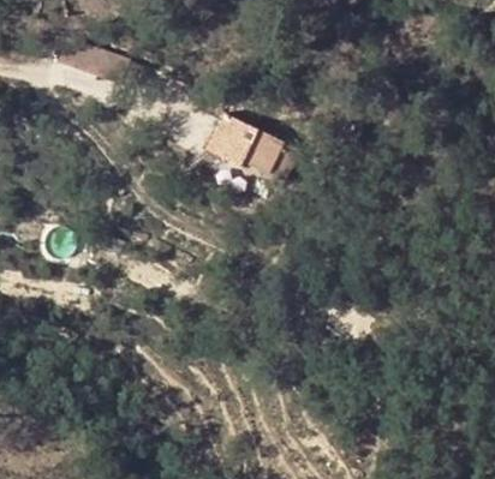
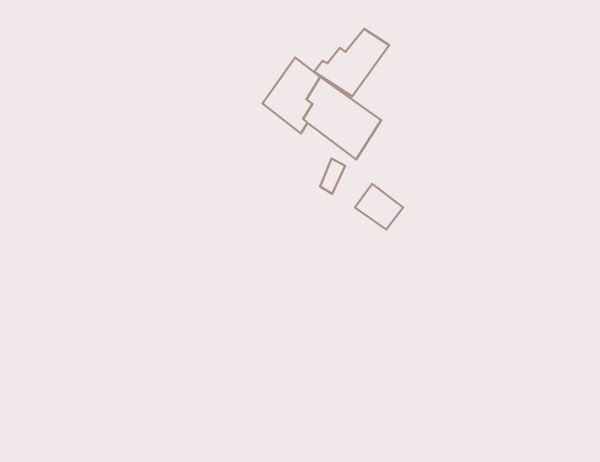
building: none -> [314,29,389,96]

